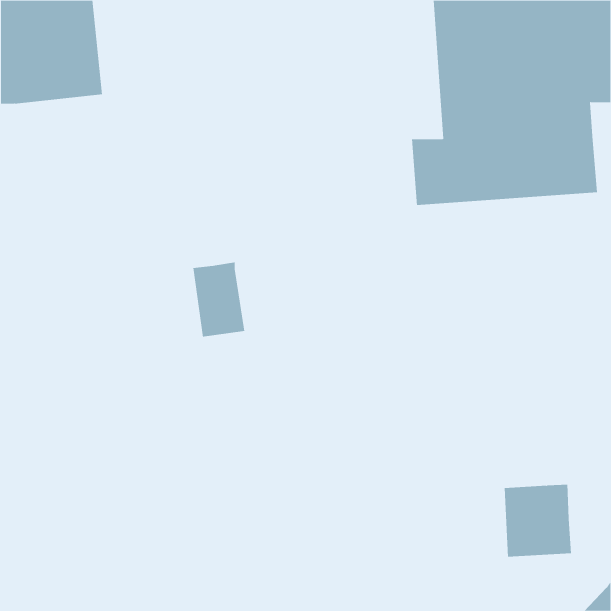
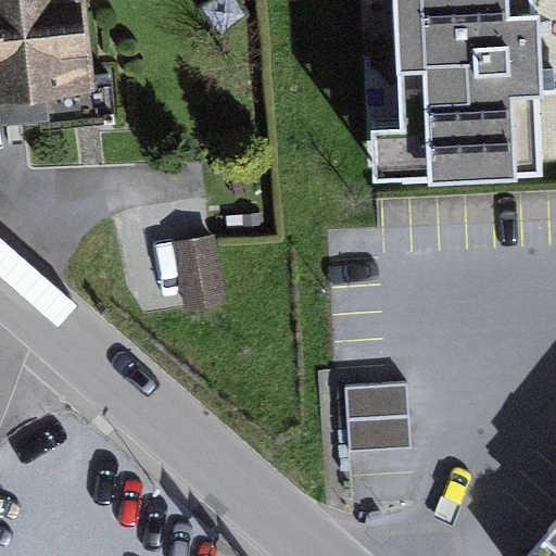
building: [504,484,572,557] -> [348,386,409,452]

